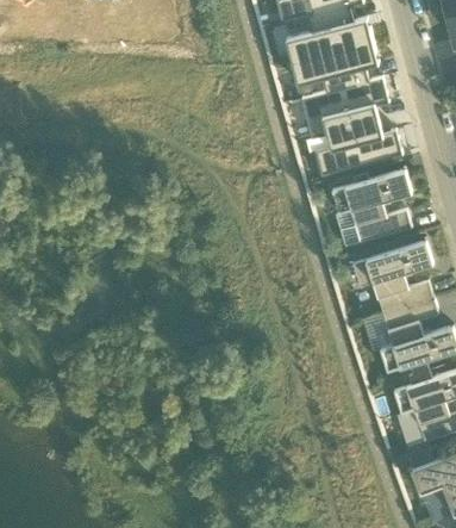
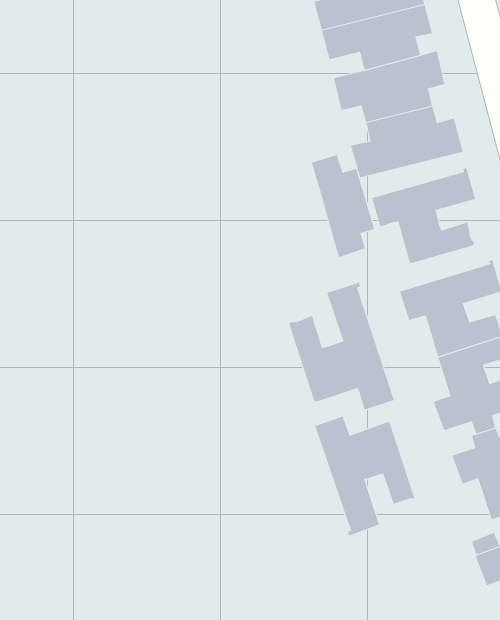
building: none -> [311,154,375,258]
building: none -> [288,282,394,410]
building: none -> [314,416,415,536]

